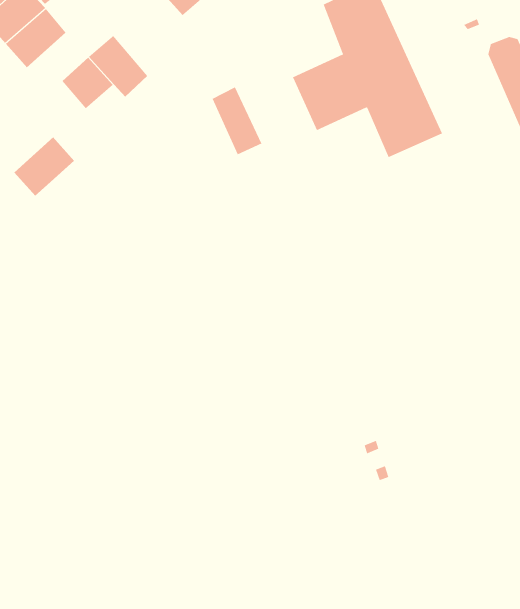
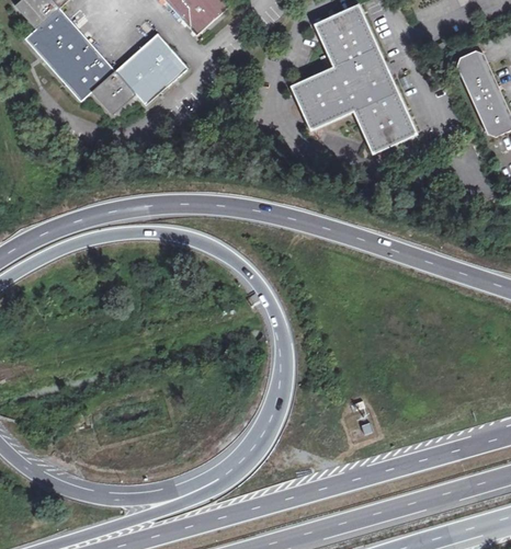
building: none -> [135,31,186,84]
building: [212,87,262,155] -> none
building: [13,137,75,197] -> [60,47,113,99]

